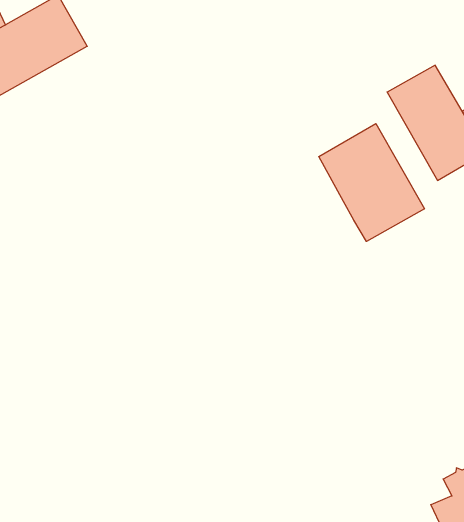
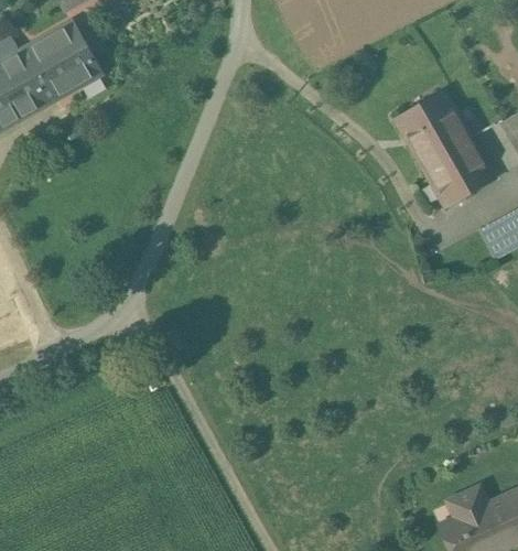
building: [319,124,424,241] -> none

